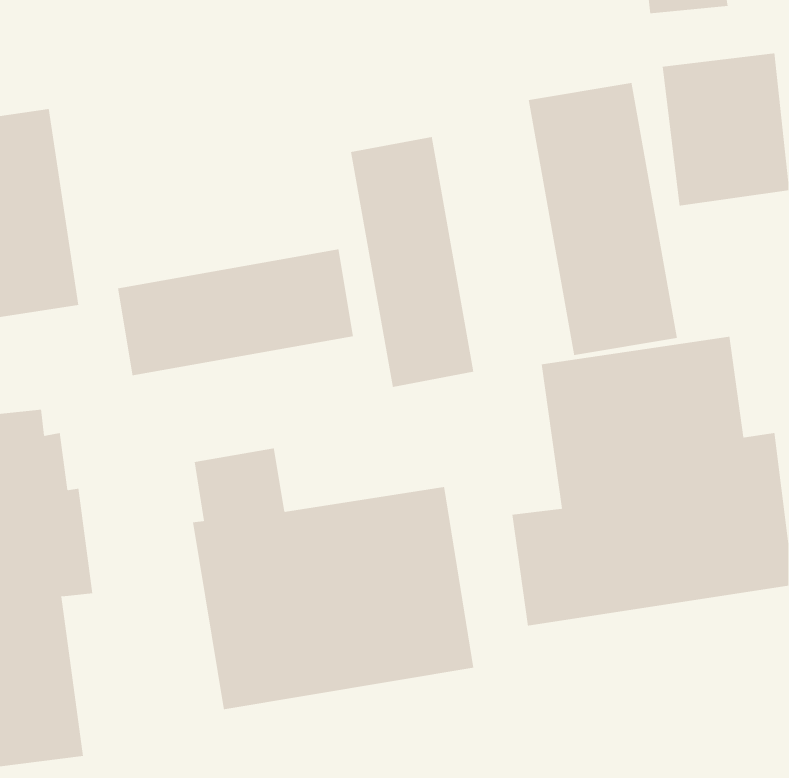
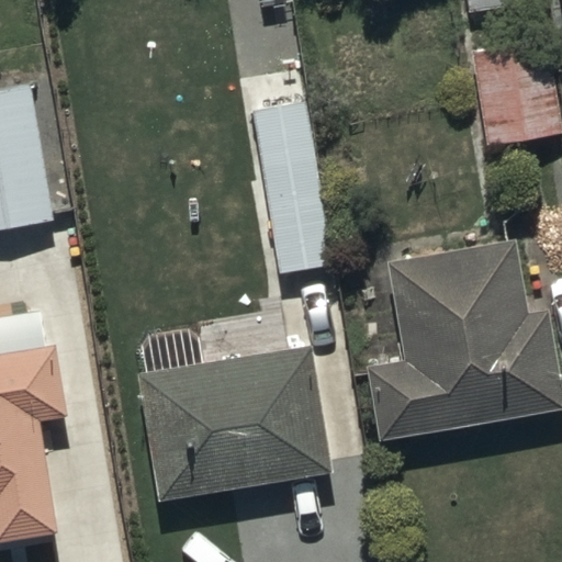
building: [528,82,677,356] -> none
building: [117,249,354,376] -> none

